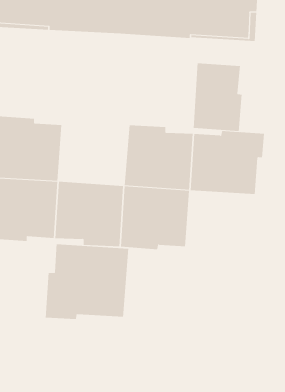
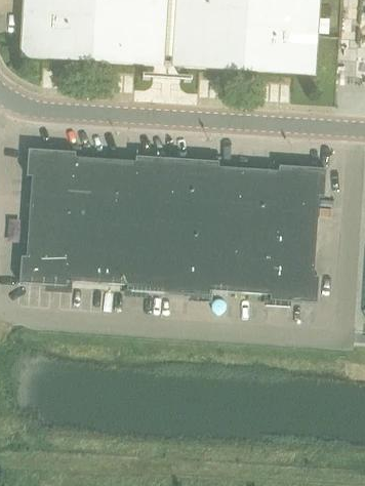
building: [193,63,242,132] -> none
building: none -> [100,156,177,226]
building: none -> [240,231,319,302]
building: [45,243,129,320] -> none

